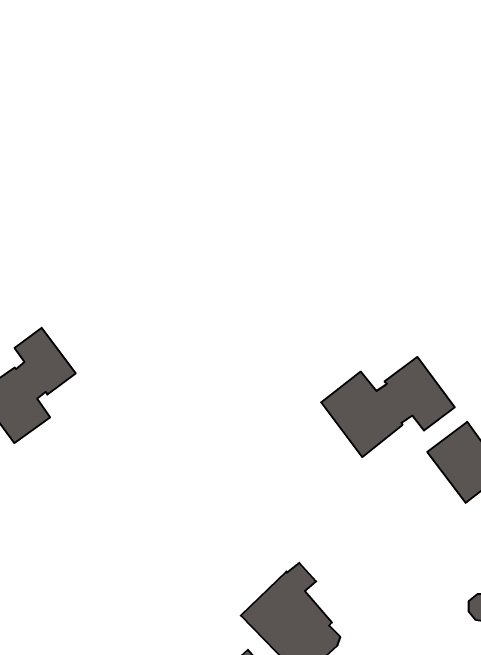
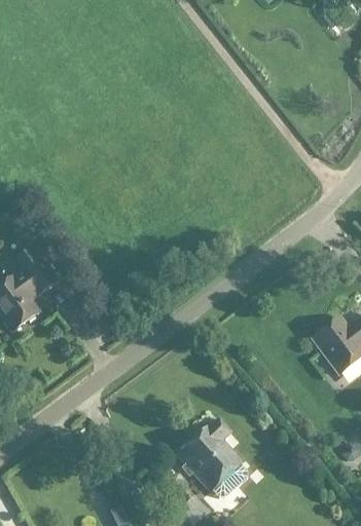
building: [321,357,455,457] -> none

